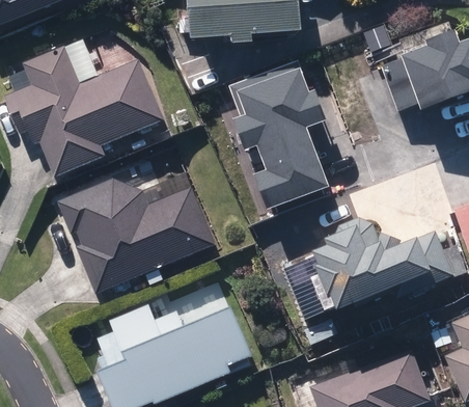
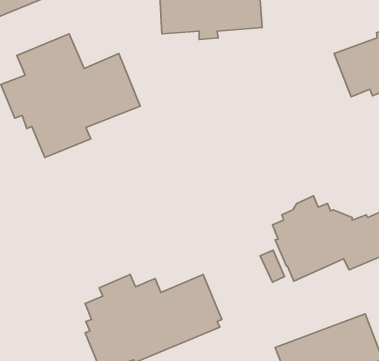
building: [226,55,330,207] -> none
building: [60,179,214,293] -> none

